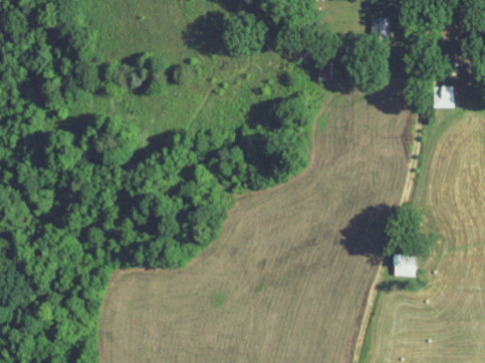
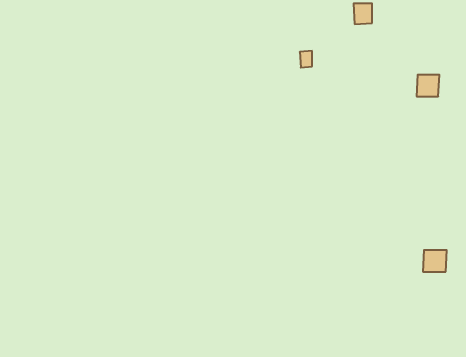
building: [393,255,416,276] -> [423,250,447,272]

